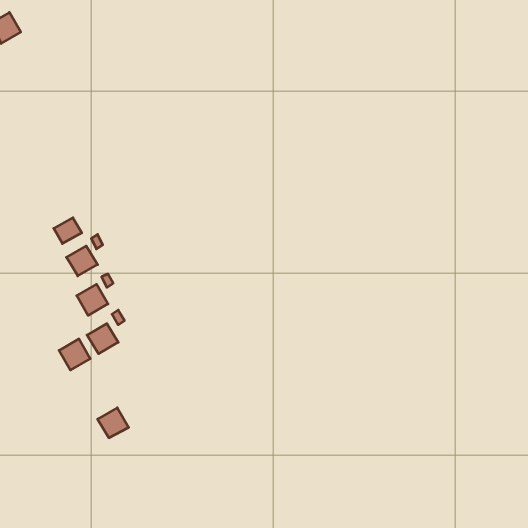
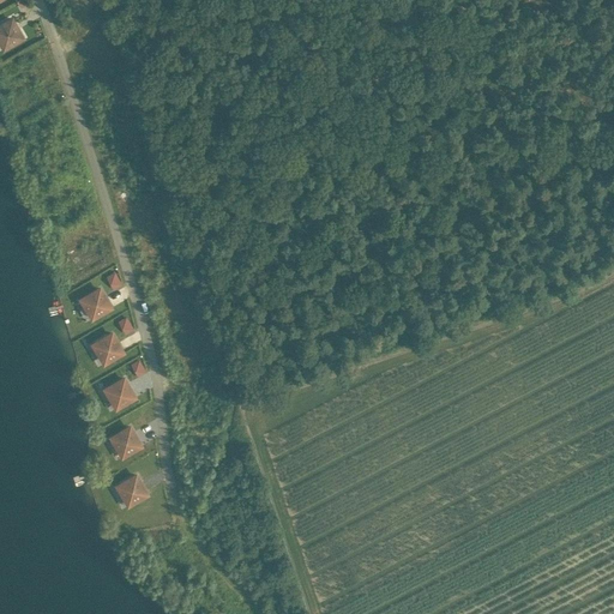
building: [54,218,82,244] -> none
building: [59,339,90,370] -> [107,425,143,460]

